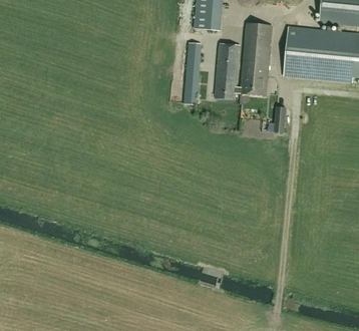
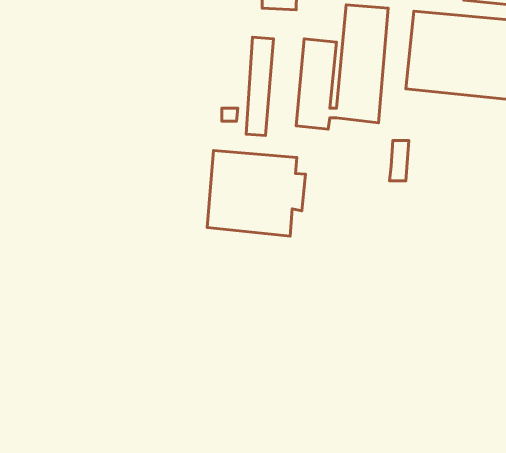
building: none -> [207,150,305,236]

